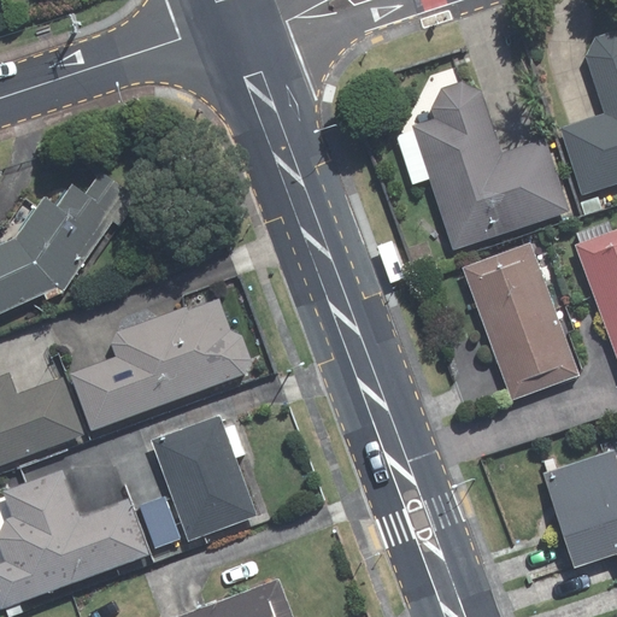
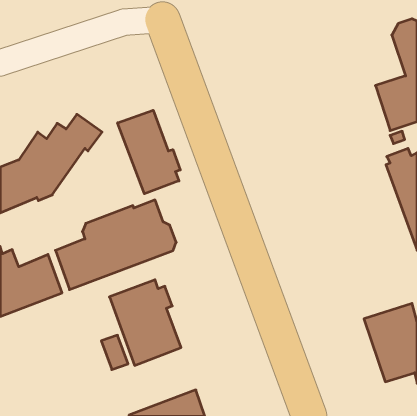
building: [415,81,564,246] -> none
building: none -> [118,110,180,194]
building: [456,240,574,399] -> none
building: [7,469,159,600] -> none

